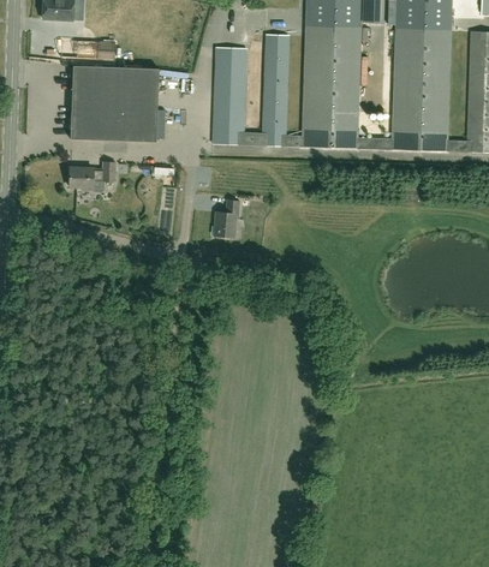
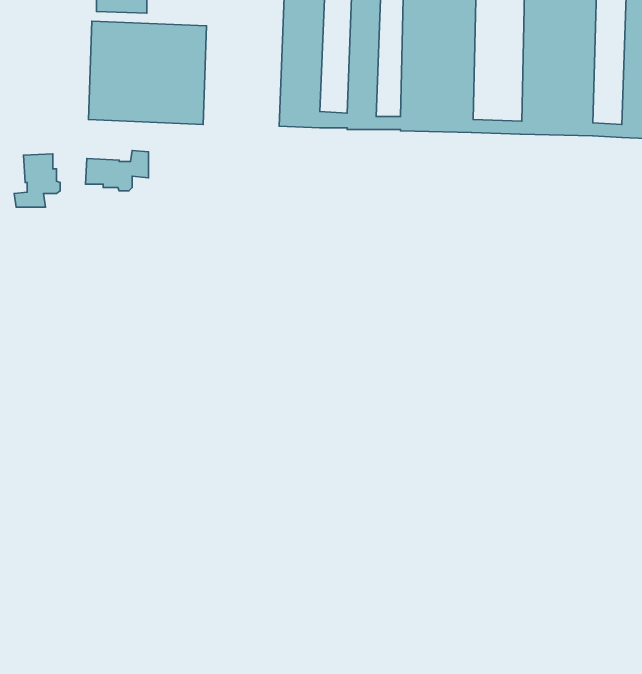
building: none -> [14,154,60,207]
building: [214,198,240,237] -> none

